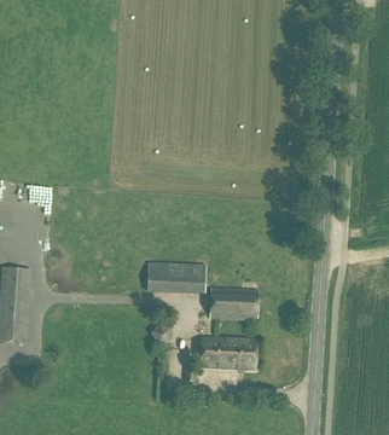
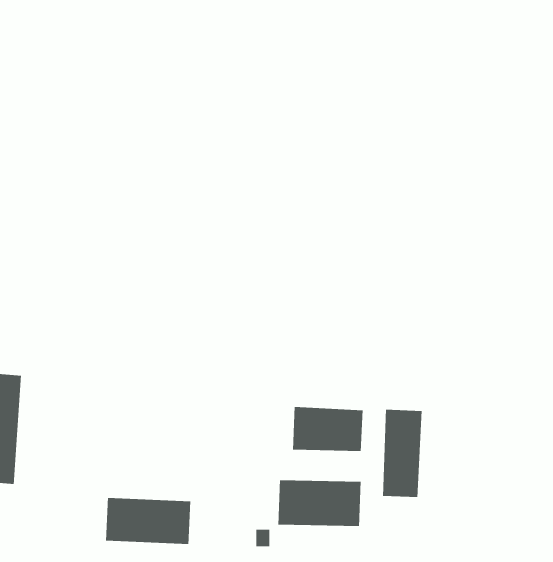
building: [146,262,203,294] -> [105,497,191,545]
building: none -> [382,409,423,498]

